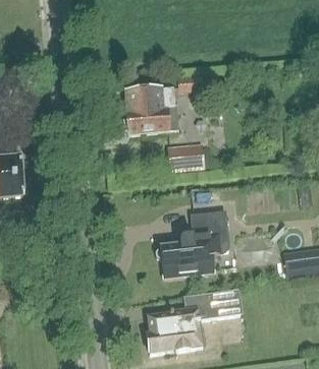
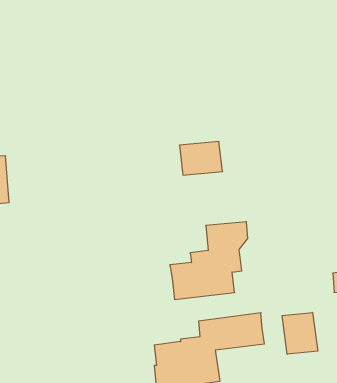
building: [125,88,176,134] -> none
building: none -> [282,312,318,354]

